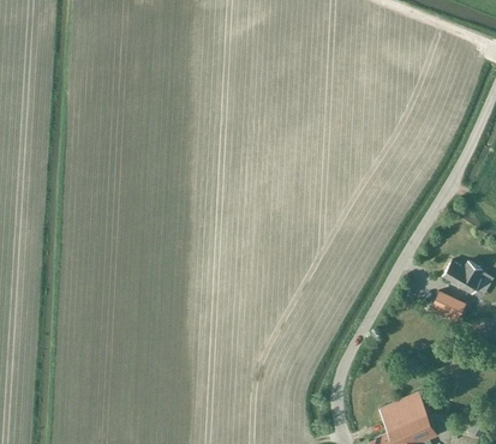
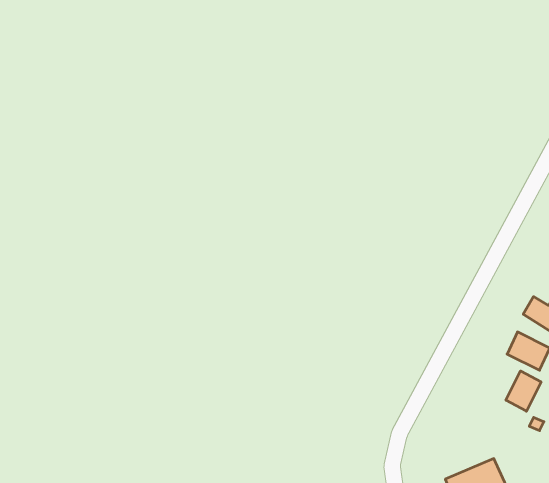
building: none -> [506,371,541,411]

